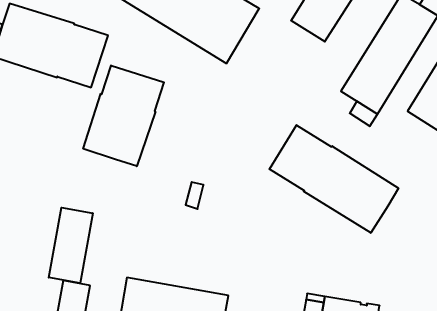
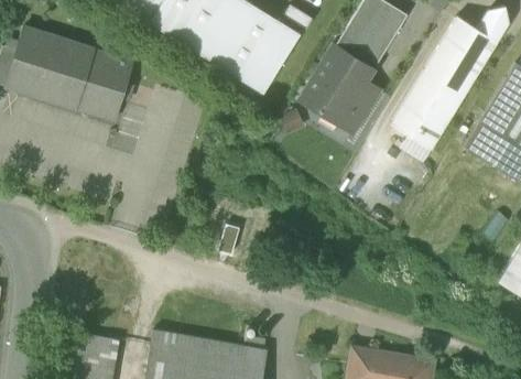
building: none -> [301,46,380,132]
building: [83,65,164,166] -> none
building: [269,125,398,233] -> none
building: [49,208,93,283] -> none

